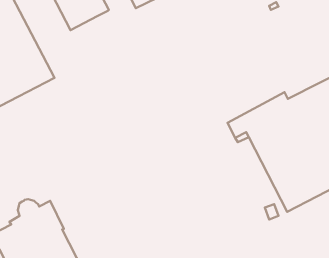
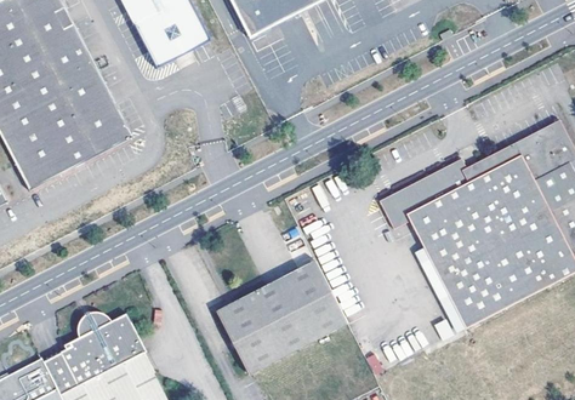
building: none -> [215,261,348,375]

